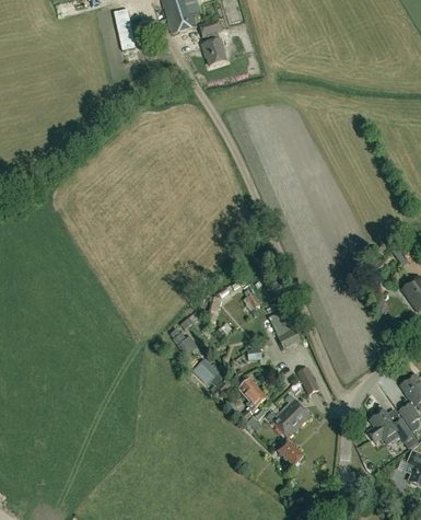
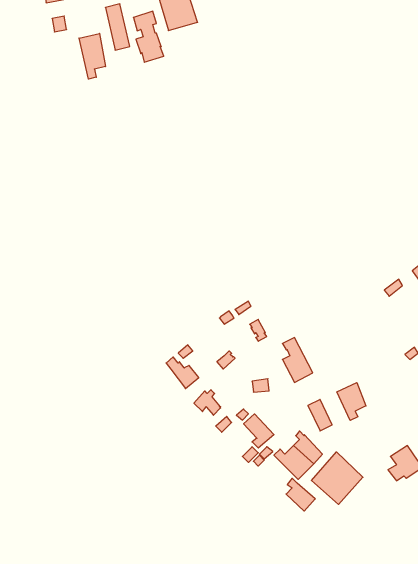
building: [199,19,226,65] -> [133,11,164,62]
building: none -> [79,33,105,79]
building: none -> [337,383,366,420]
building: none -> [311,452,363,504]

